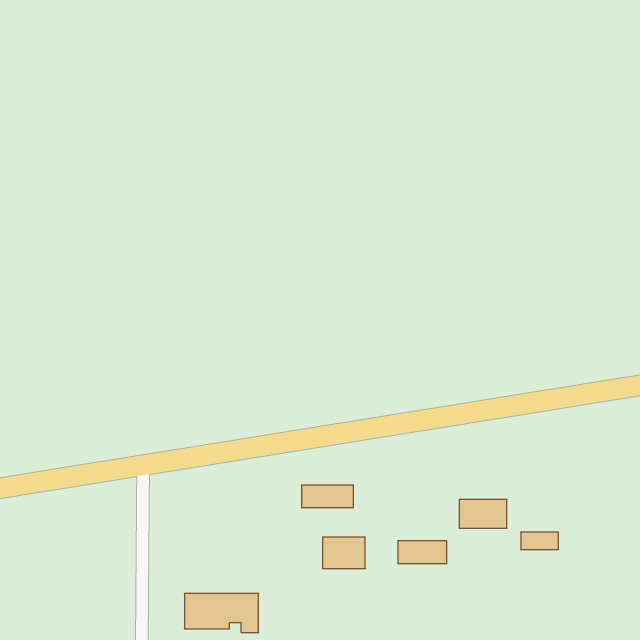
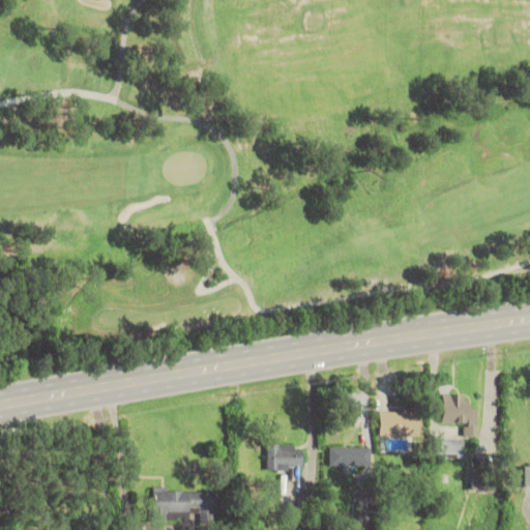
building: none -> [443,395,478,437]
building: [302,485,353,508] -> none

